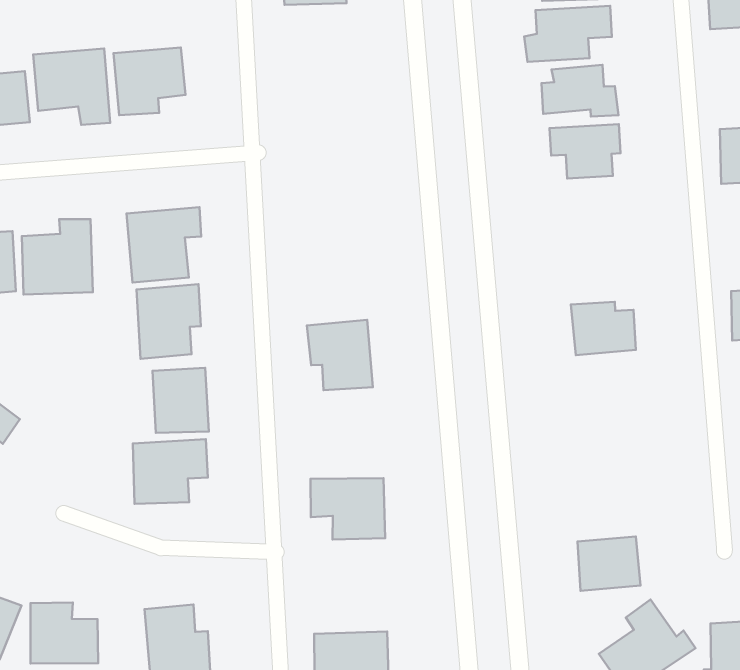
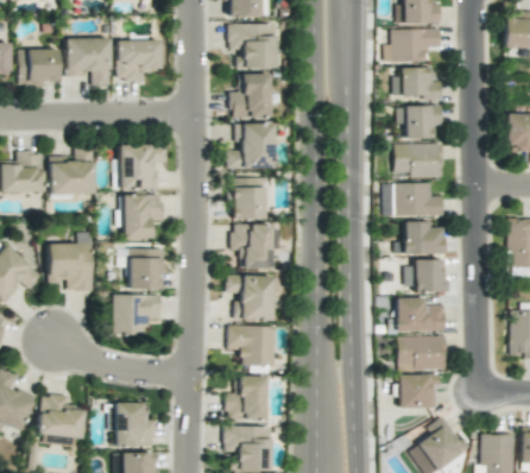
building: none -> [228,23,277,69]
building: none -> [231,74,271,118]
building: none -> [227,122,275,169]
building: none -> [395,144,443,177]
building: none -> [393,182,444,216]
building: none -> [231,177,265,219]
building: none -> [48,234,94,291]
building: none -> [405,259,447,292]
building: none -> [226,275,273,321]
building: none -> [396,297,446,332]
building: none -> [398,335,447,371]
building: none -> [226,376,267,421]

